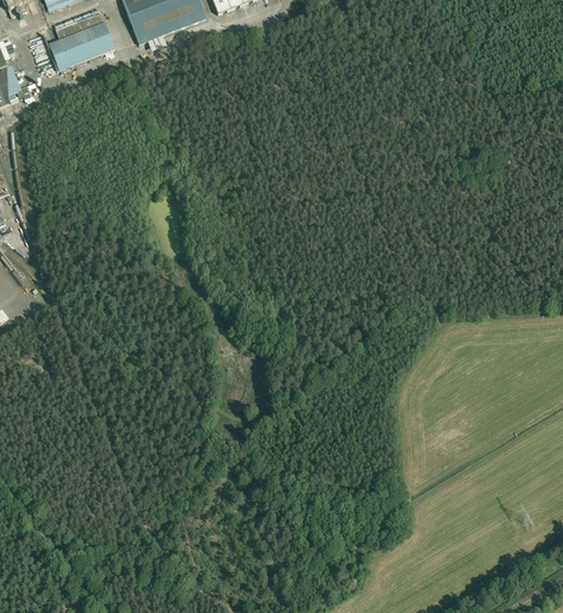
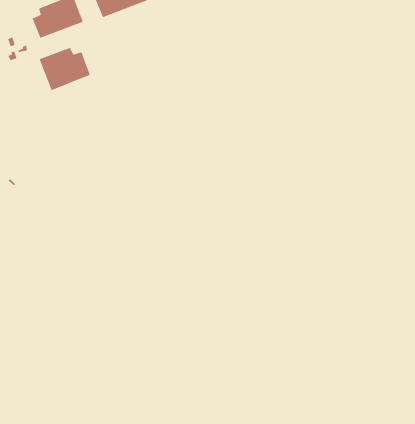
building: none -> [39,47,91,91]

